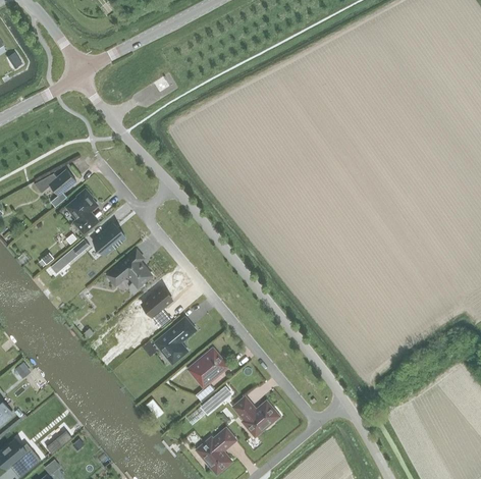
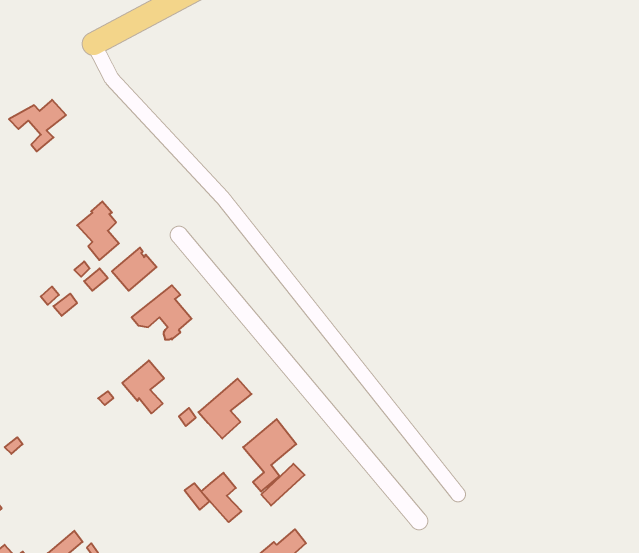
building: [35,169,76,207] -> [9,100,66,151]
building: [142,287,172,326] -> [122,360,164,413]
building: none -> [201,473,241,522]
building: [234,397,281,435] -> none

